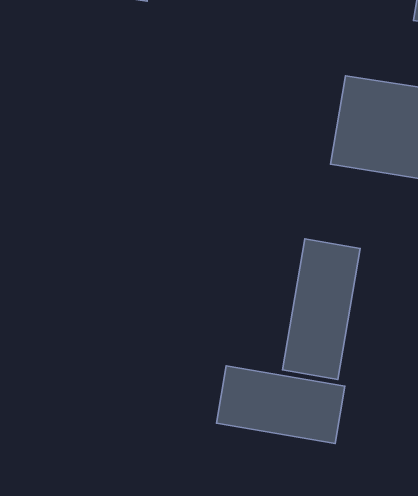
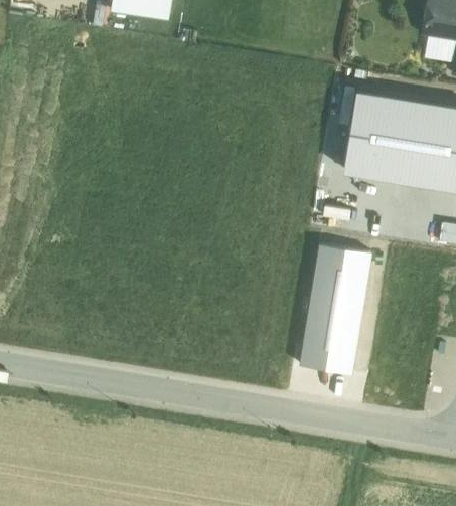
building: [216,366,345,444] -> none

